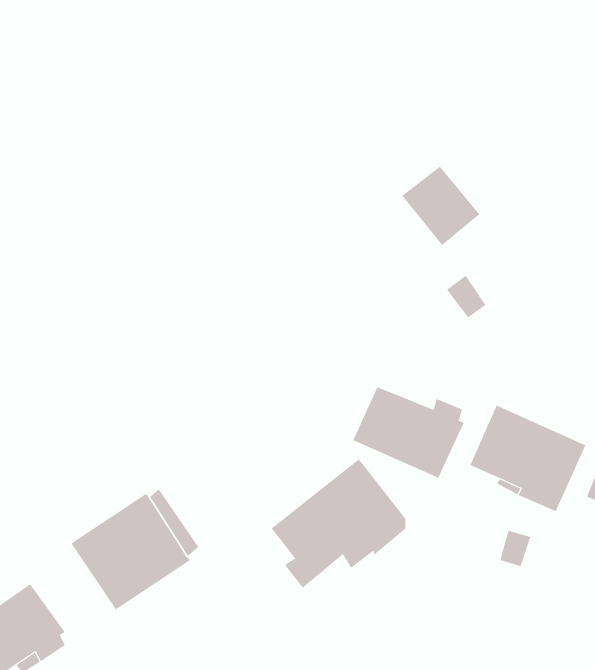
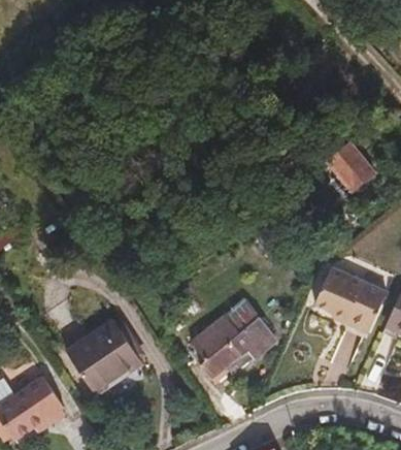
building: [402,166,480,246] -> [326,143,374,193]
building: [352,386,465,479] -> none

